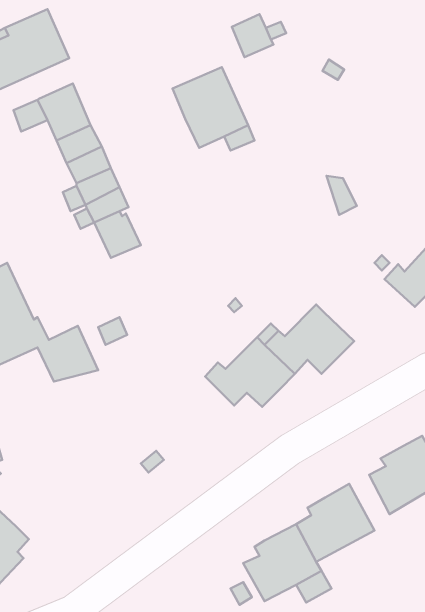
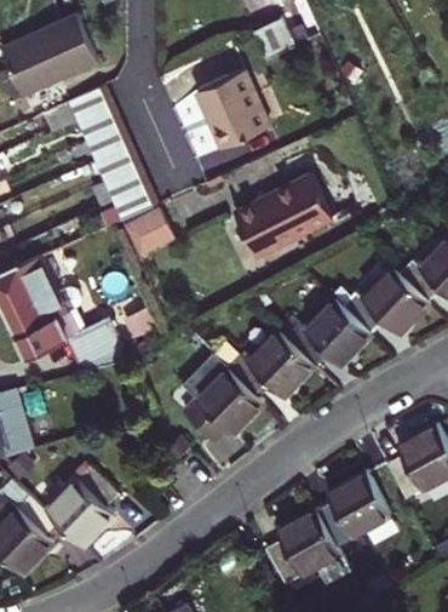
building: none -> [234,176,332,257]
building: none -> [341,267,429,334]
building: none -> [182,354,263,440]
building: none -> [46,467,119,548]

